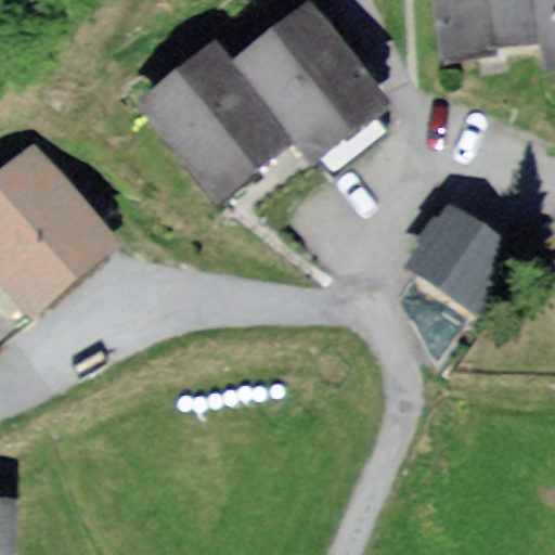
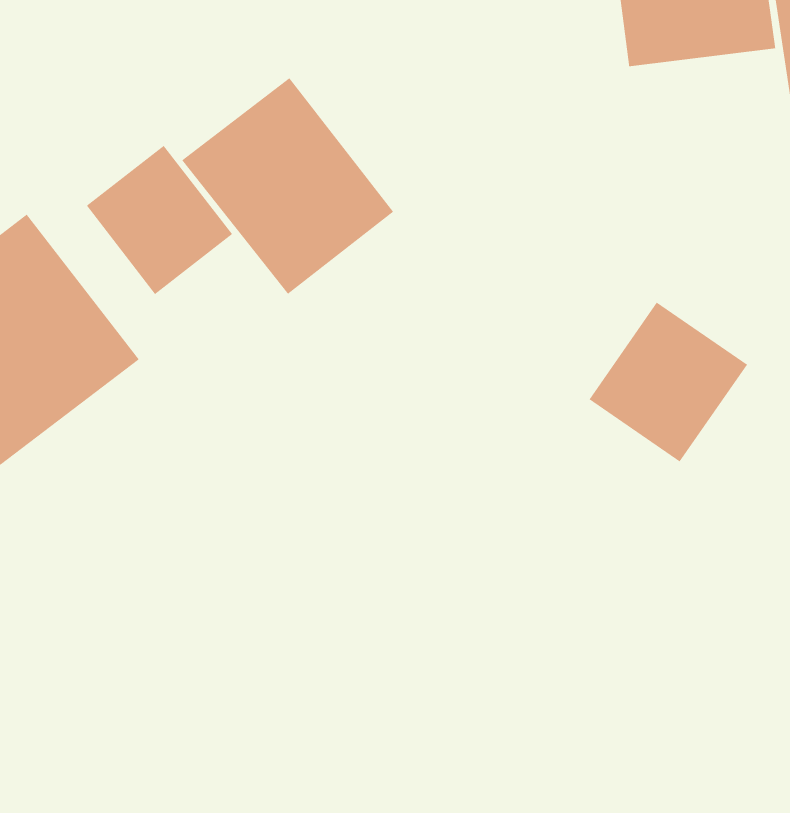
building: [231,11,377,163] -> none
building: none -> [86,145,233,295]

